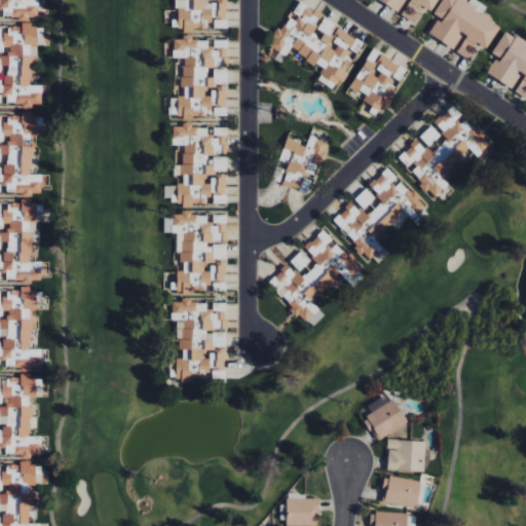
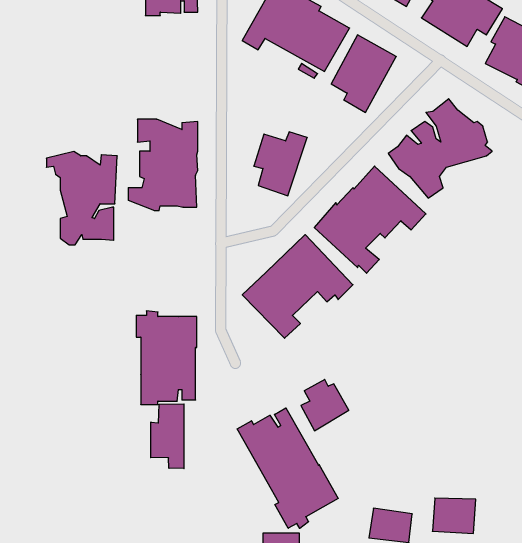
building: [170,36,227,117] -> none
building: [164,211,228,295] -> [46,151,117,245]
building: none -> [151,404,184,469]
building: none -> [237,408,338,528]
building: [364,393,407,440] -> [301,379,349,431]
building: [386,439,425,471] -> [432,498,476,533]

